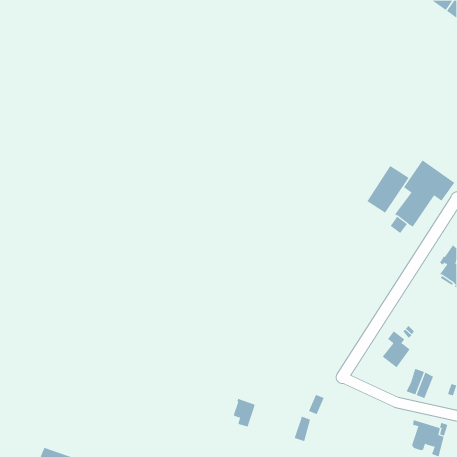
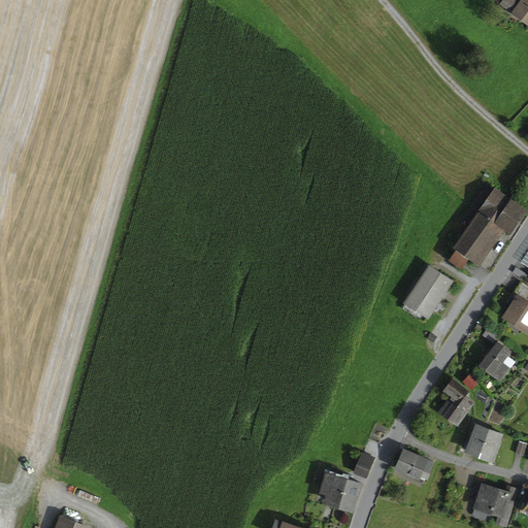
building: [367,165,410,214] -> [401,268,451,324]
building: none -> [480,342,508,381]
building: none -> [396,451,431,484]
building: [233,398,255,427] -> [321,472,346,505]

